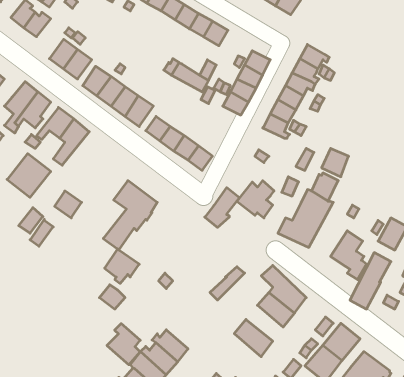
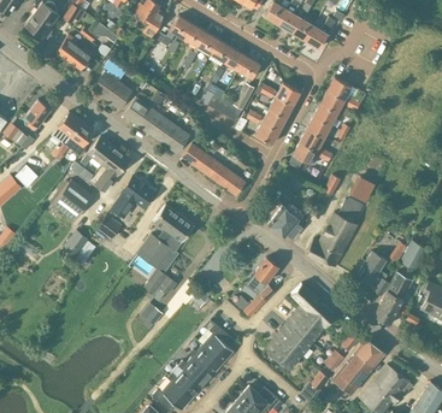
building: none -> [111,176,154,217]
building: [205,188,239,227] -> [244,258,277,295]
building: none -> [276,321,311,355]
building: [107,324,140,365] -> [201,324,232,362]

